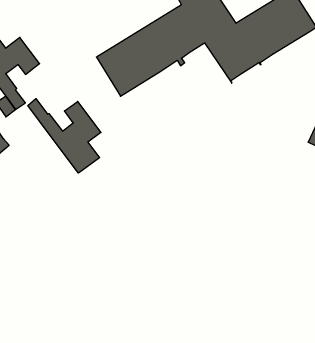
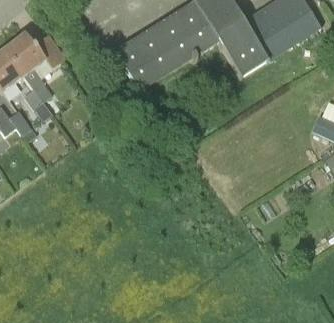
building: [28,99,101,173] -> none

